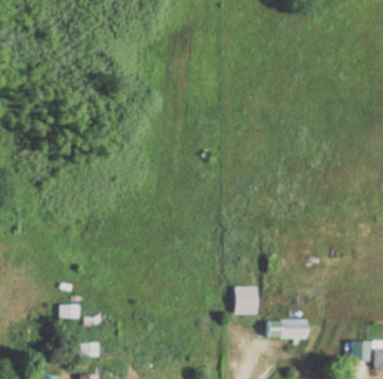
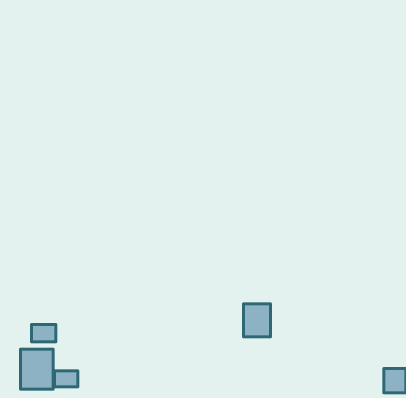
building: [269,320,309,339] -> none
building: none -> [20,349,53,389]

